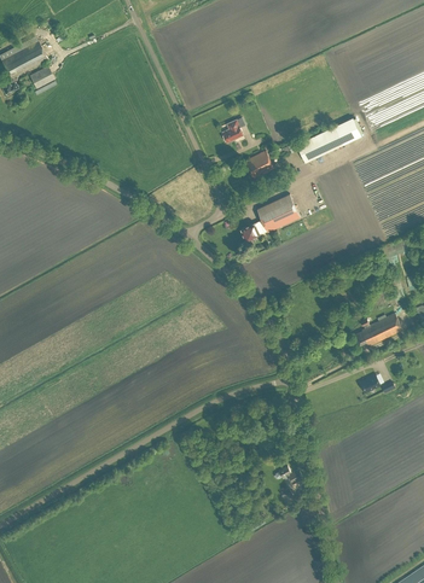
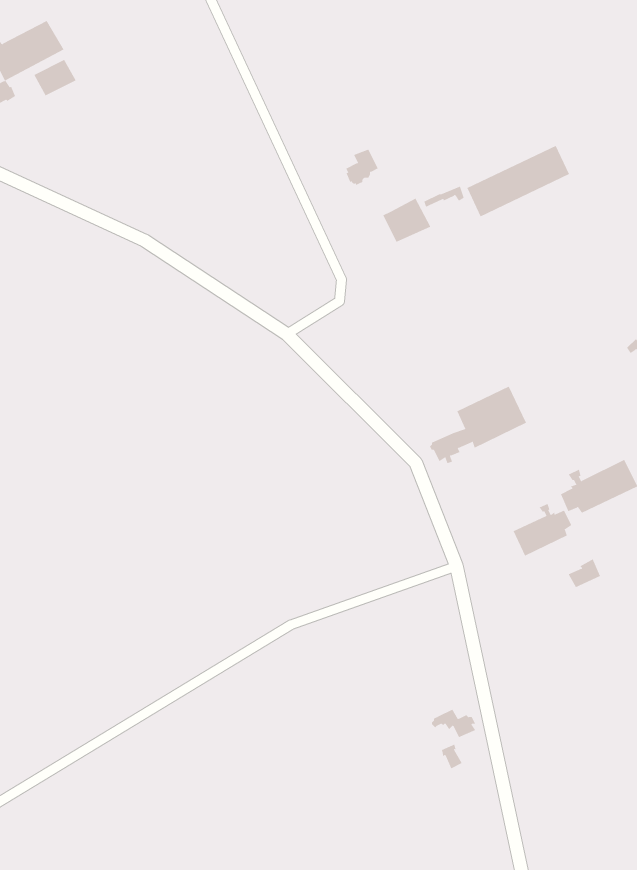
building: [240,193,301,241] -> [429,386,527,464]
building: none -> [513,503,572,557]

